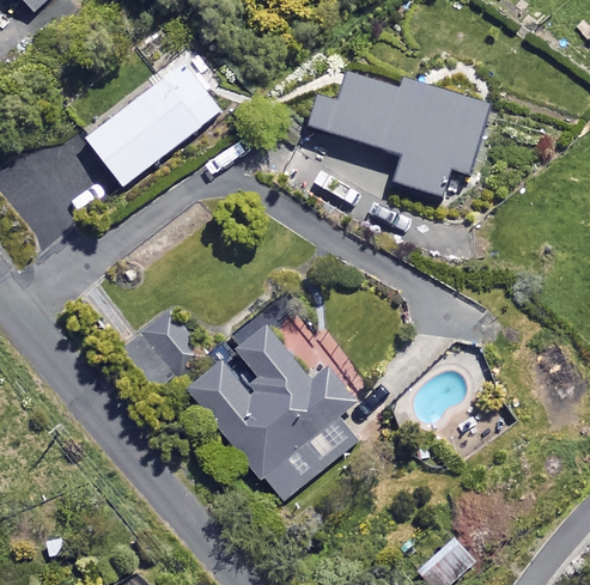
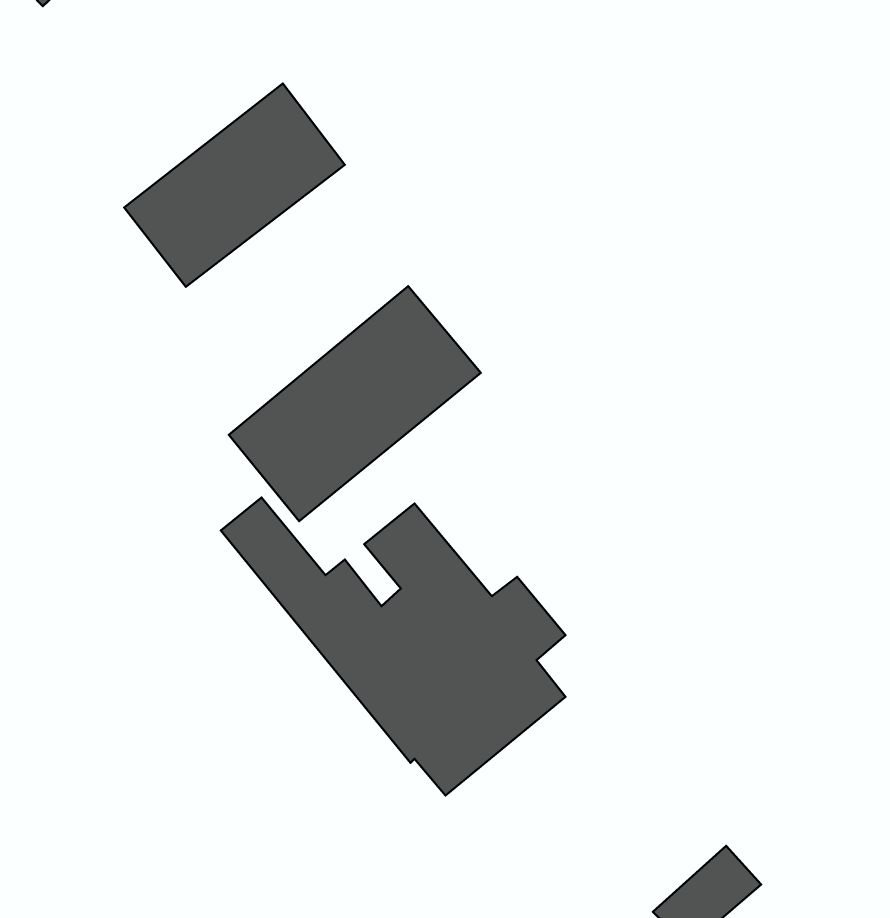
building: [306,68,483,193] -> none
building: none -> [229,286,481,521]

